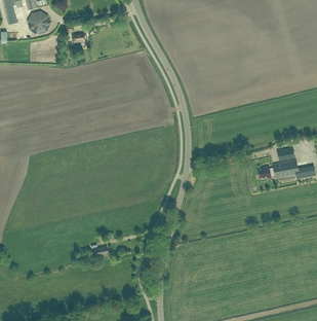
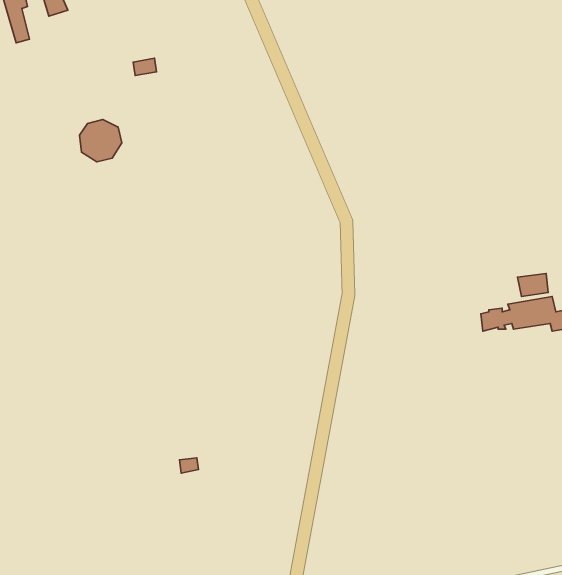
building: [28,10,50,33] -> [80,120,122,162]

